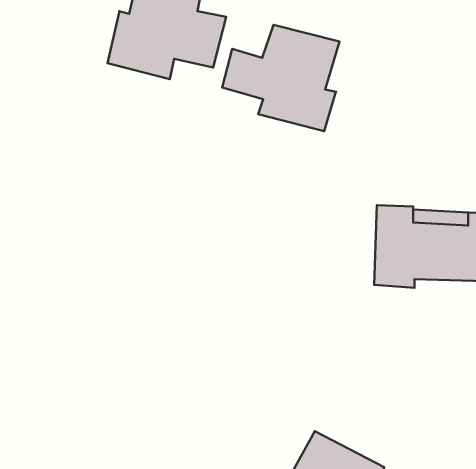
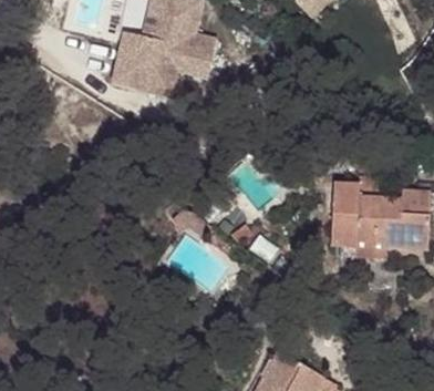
building: none -> [111,31,173,96]
building: [222,25,339,131] -> none

